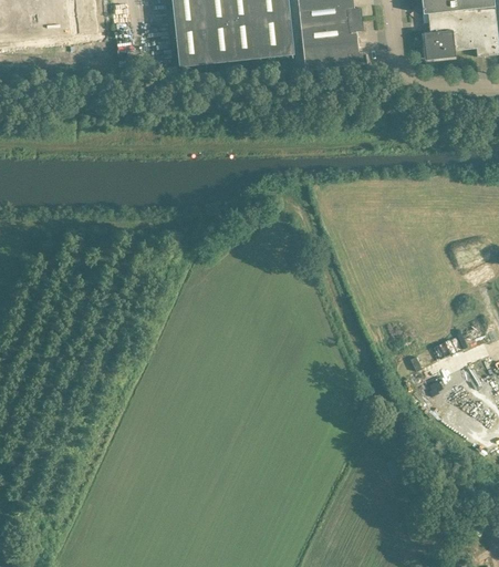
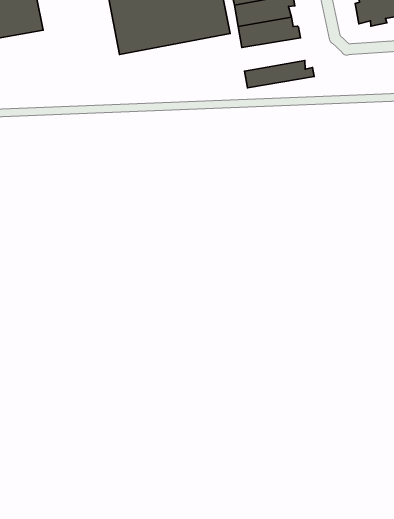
building: none -> [245,60,314,88]

